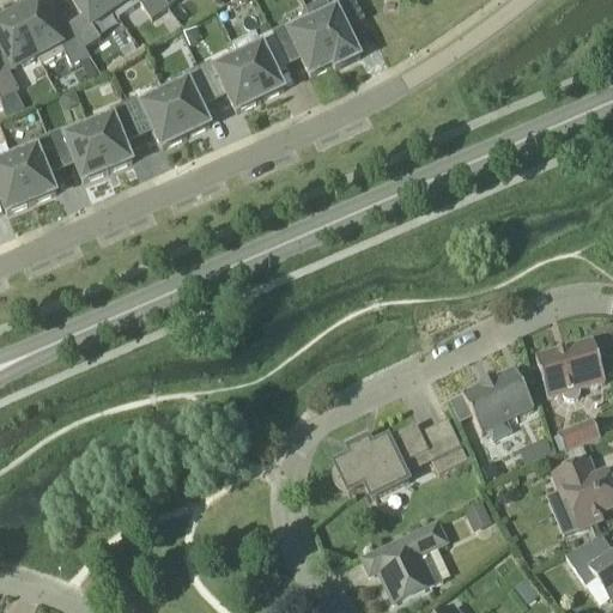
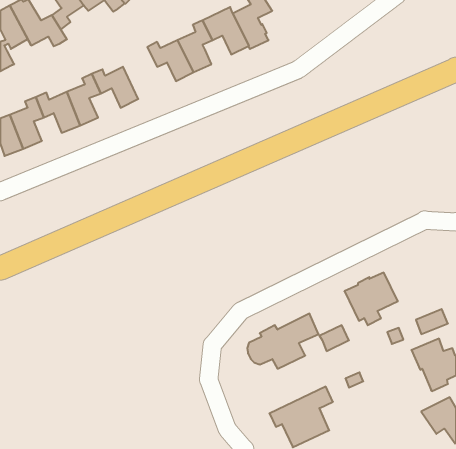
building: [165,63,211,133] -> none
building: [535,336,606,396] -> none

